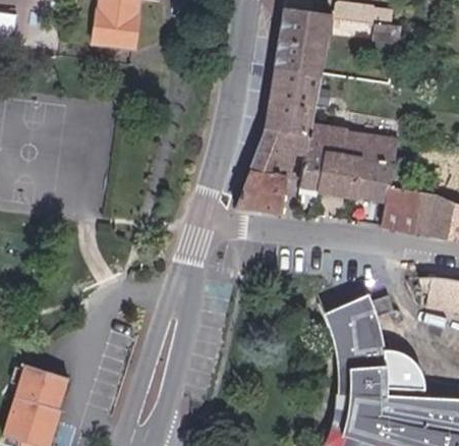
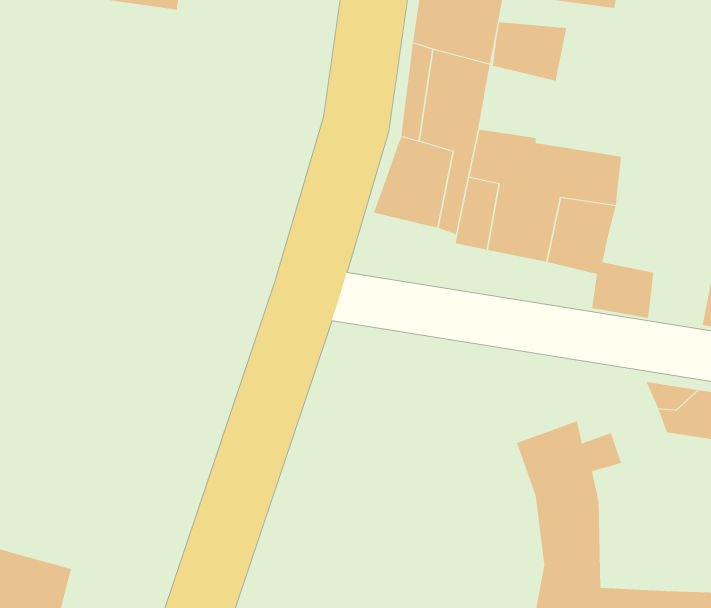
building: none -> [492,21,567,81]
building: [237,170,288,212] -> none
building: [387,185,436,235] -> none
building: [385,343,425,396] -> none

